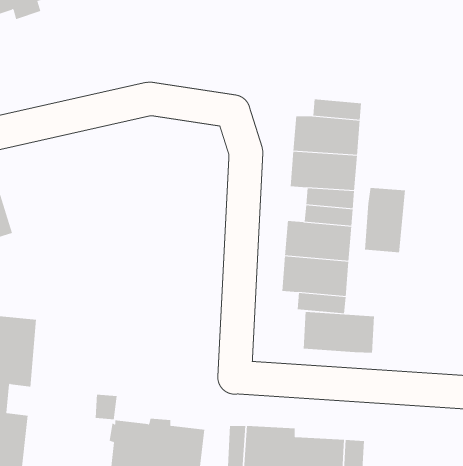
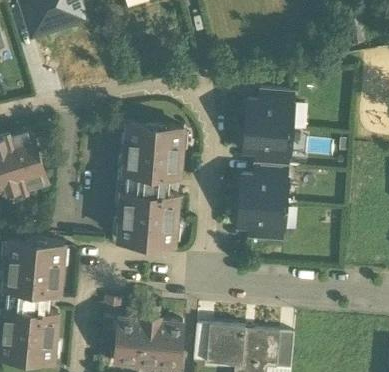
building: none -> [113,123,184,243]
building: [365,187,405,253] -> none
building: [303,311,375,354] -> none

